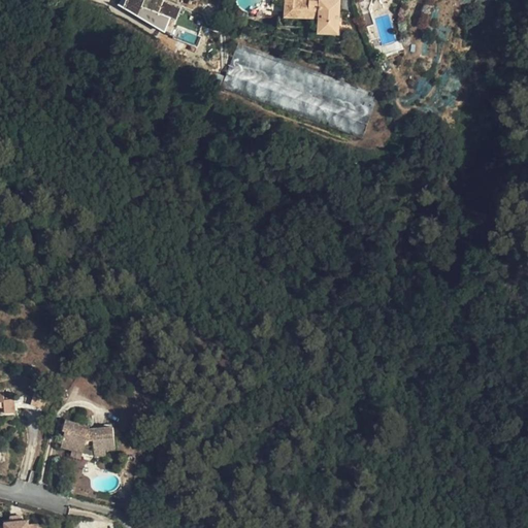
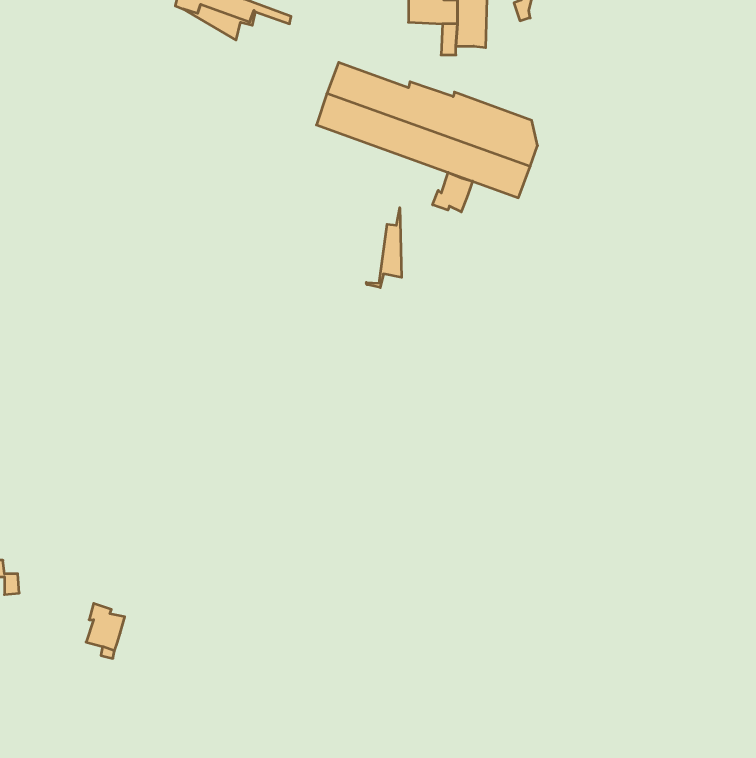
building: none -> [433,172,473,212]
building: none -> [366,208,402,288]
building: [84,426,113,456] -> none

